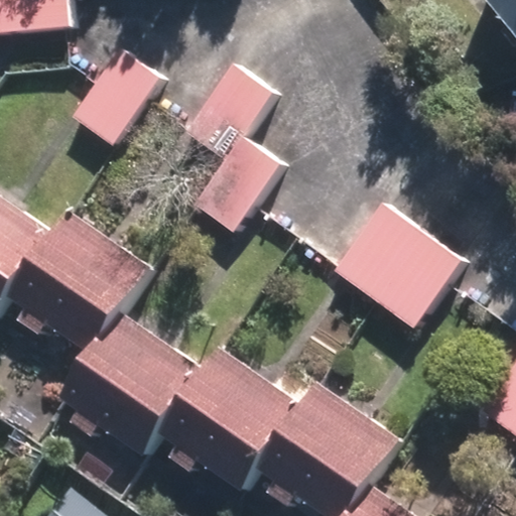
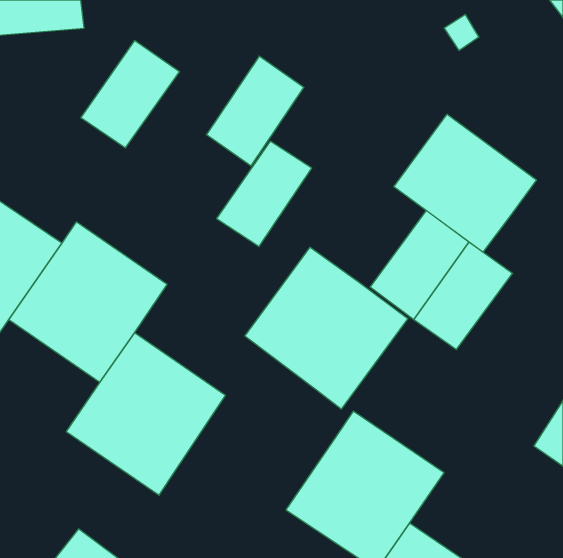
building: none -> [394,114,536,252]
building: none -> [245,247,408,409]
building: [158,349,302,492] -> none

